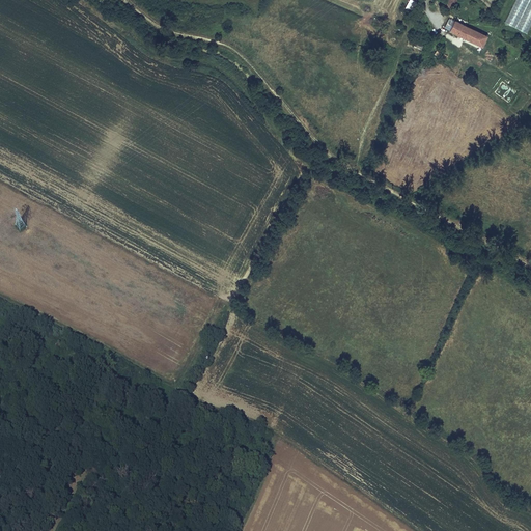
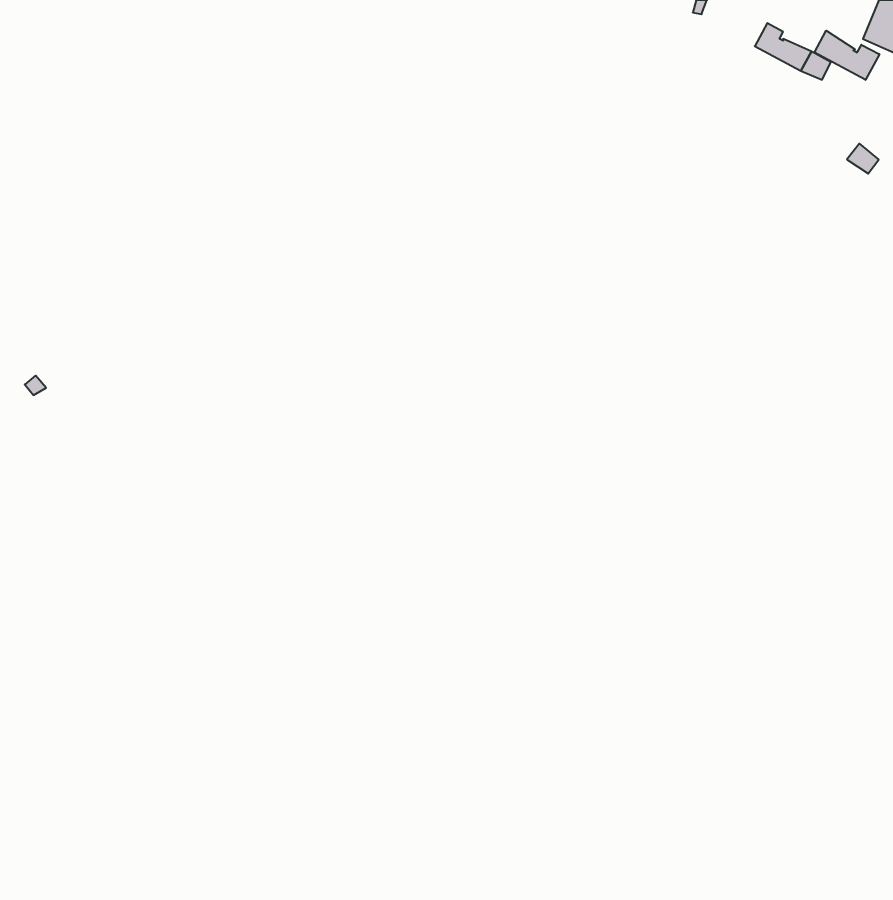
building: none -> [815,31,879,80]

